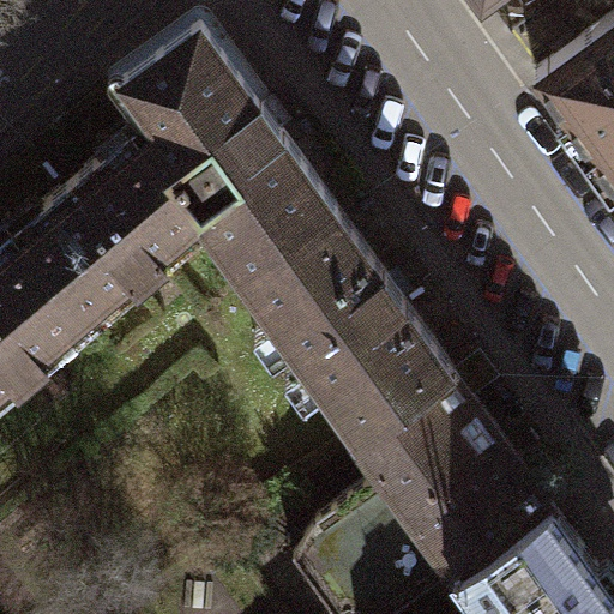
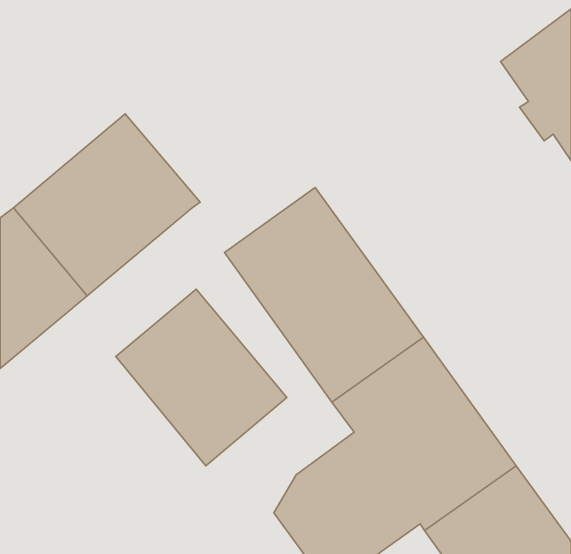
building: [119,30,338,289] -> none
building: none -> [116,289,287,466]

